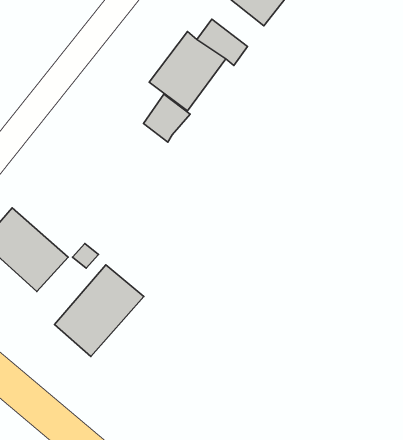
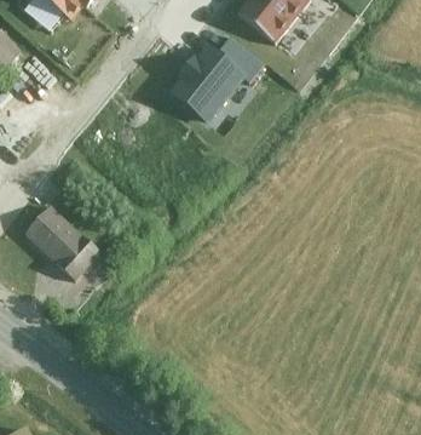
building: [144,94,190,142] -> none
building: [55,265,144,356] -> none

